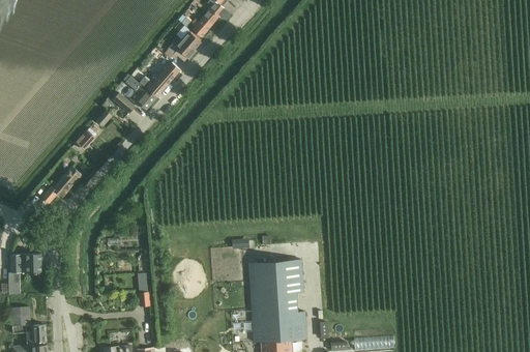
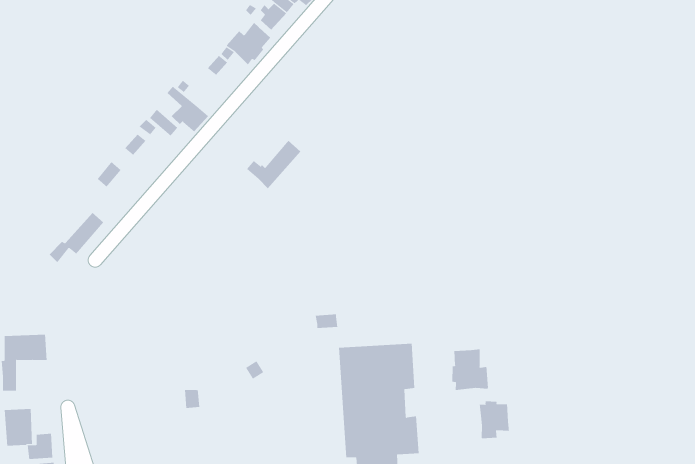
building: [141,62,180,97] -> [246,140,301,189]
building: none -> [452,348,488,391]
building: none -> [479,400,510,439]

